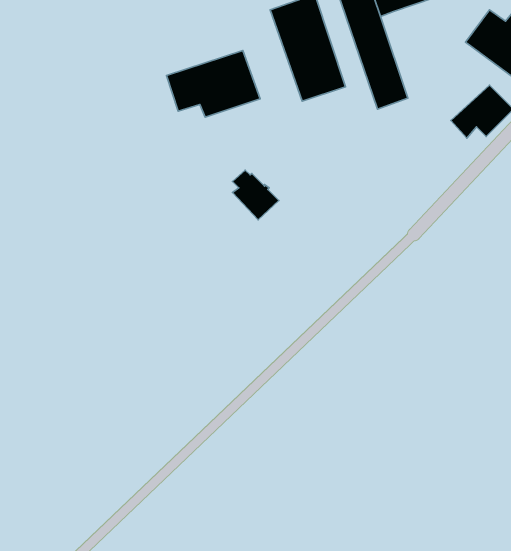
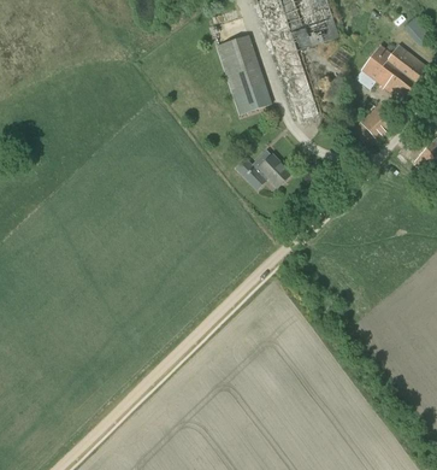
building: [166,50,260,117] -> none
building: [232,170,279,220] -> [258,151,293,188]

